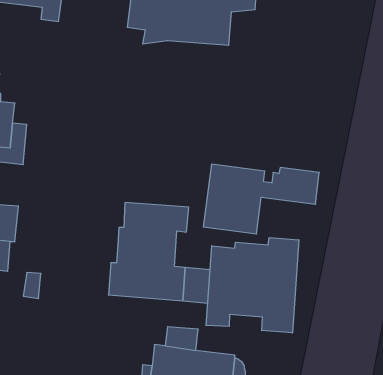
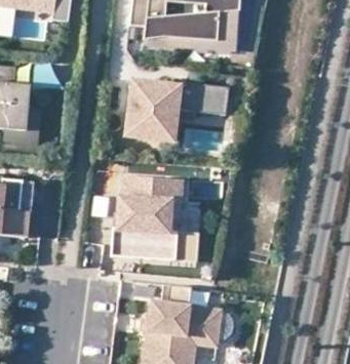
building: none -> [141,10,238,51]
building: [203,164,319,234] -> [126,82,227,143]
building: [206,238,299,333] -> none

